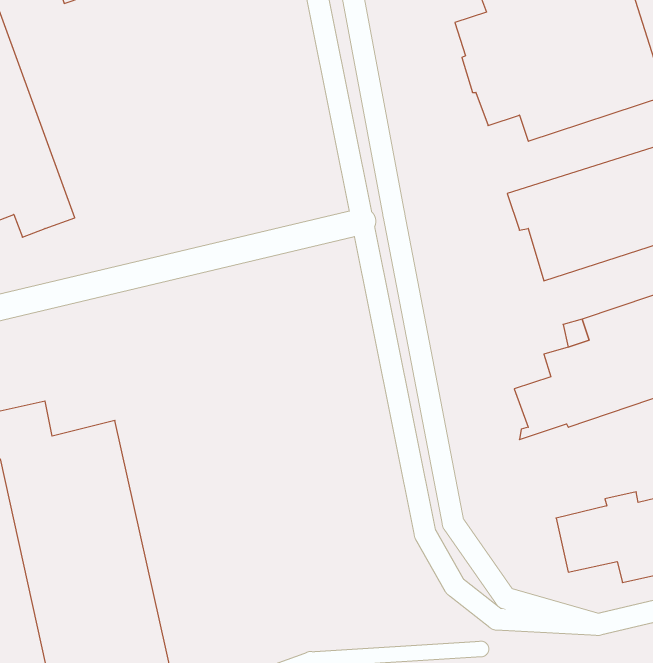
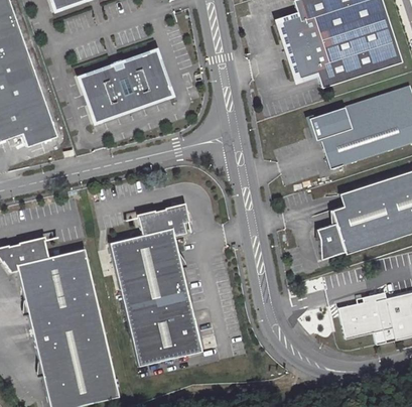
building: none -> [79,50,171,122]
building: none -> [112,204,203,366]

